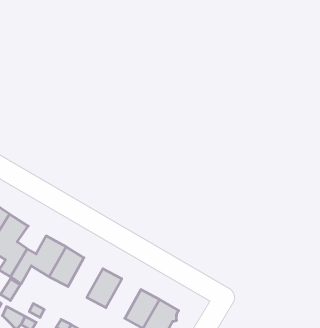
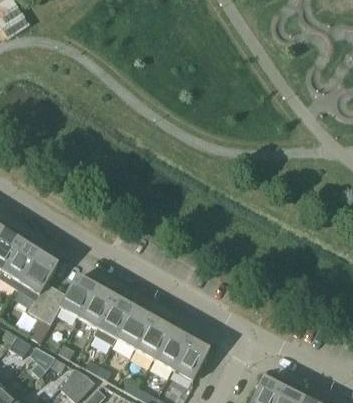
building: none -> [93,297,132,344]
building: none -> [135,318,170,358]

